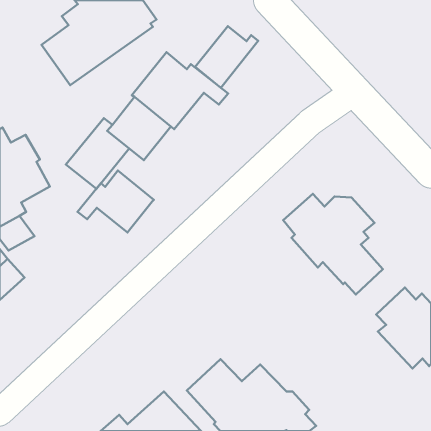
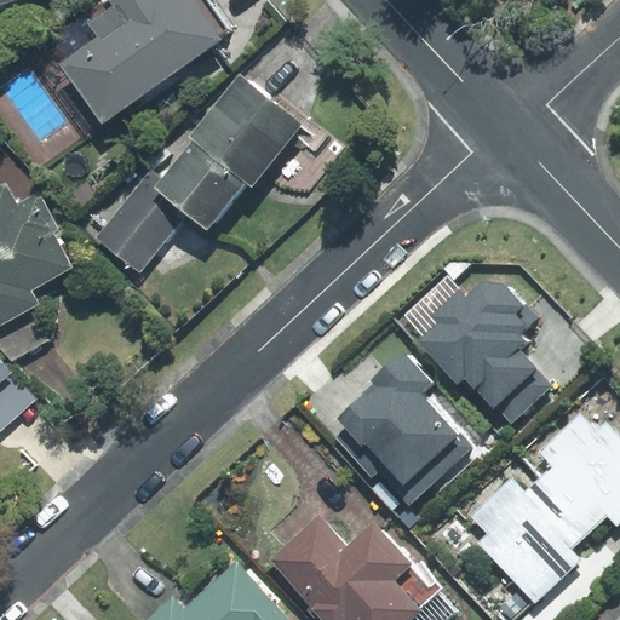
building: [195,26,258,88] -> none
building: [77,171,154,232] -> none
building: none -> [335,351,472,505]
building: none -> [470,476,591,602]

